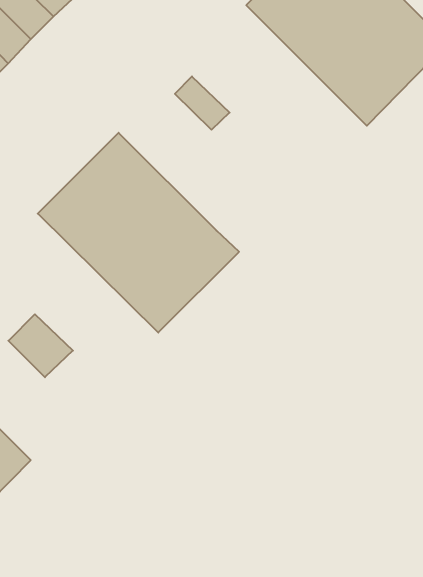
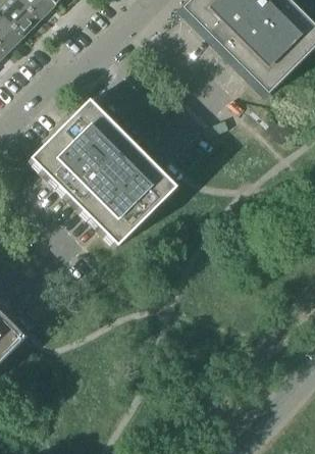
building: [175,76,230,130] -> none
building: [8,314,73,377] -> none

